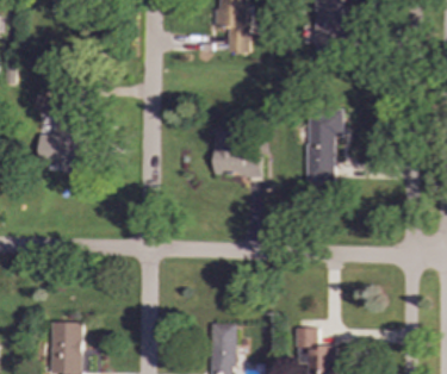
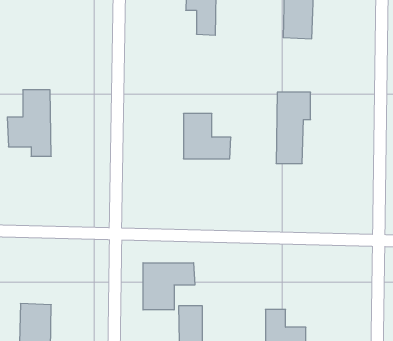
building: none -> [143,263,195,310]

